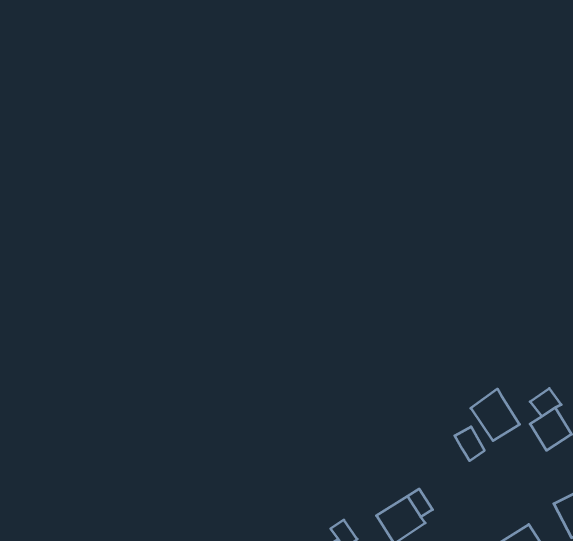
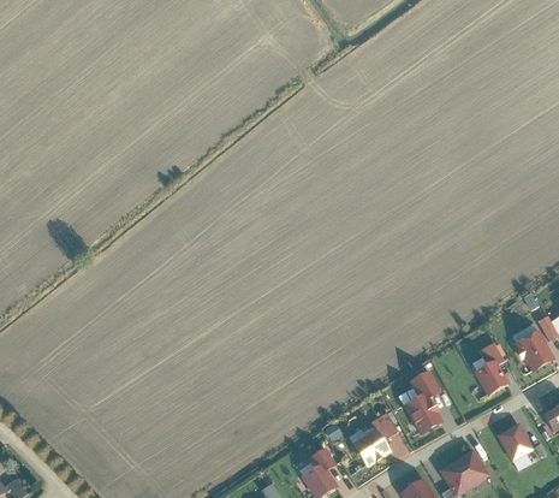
building: [471,389,520,441] -> [402,392,441,434]

